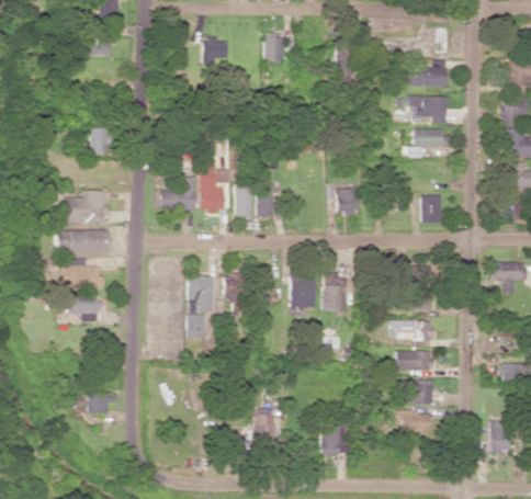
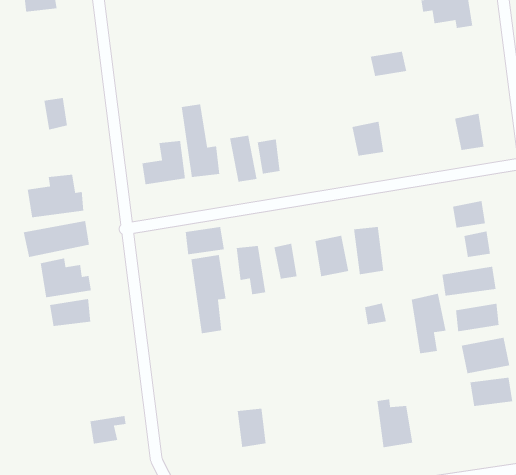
building: [414,128,442,146] -> [370,51,407,77]
building: none -> [185,226,225,255]
building: none -> [411,293,446,354]
building: [255,413,276,444] -> [237,408,266,448]

